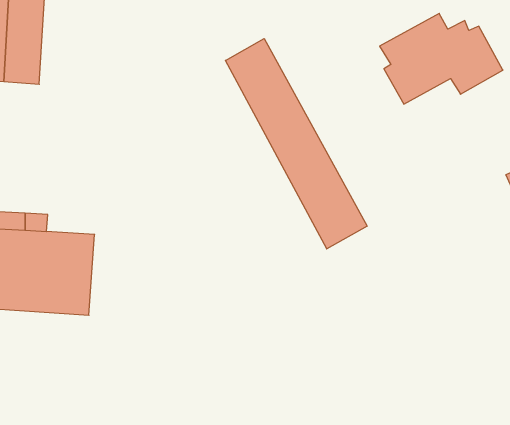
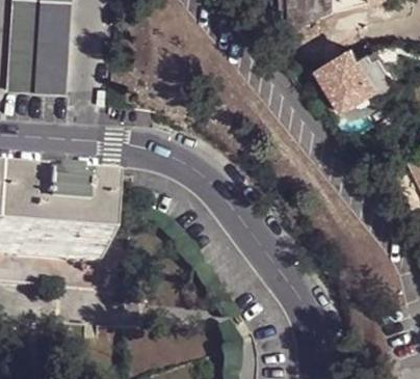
building: [225,39,367,249] -> none

